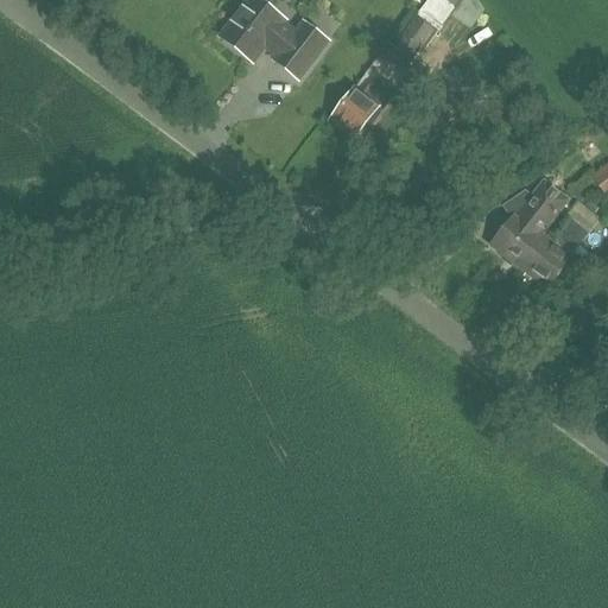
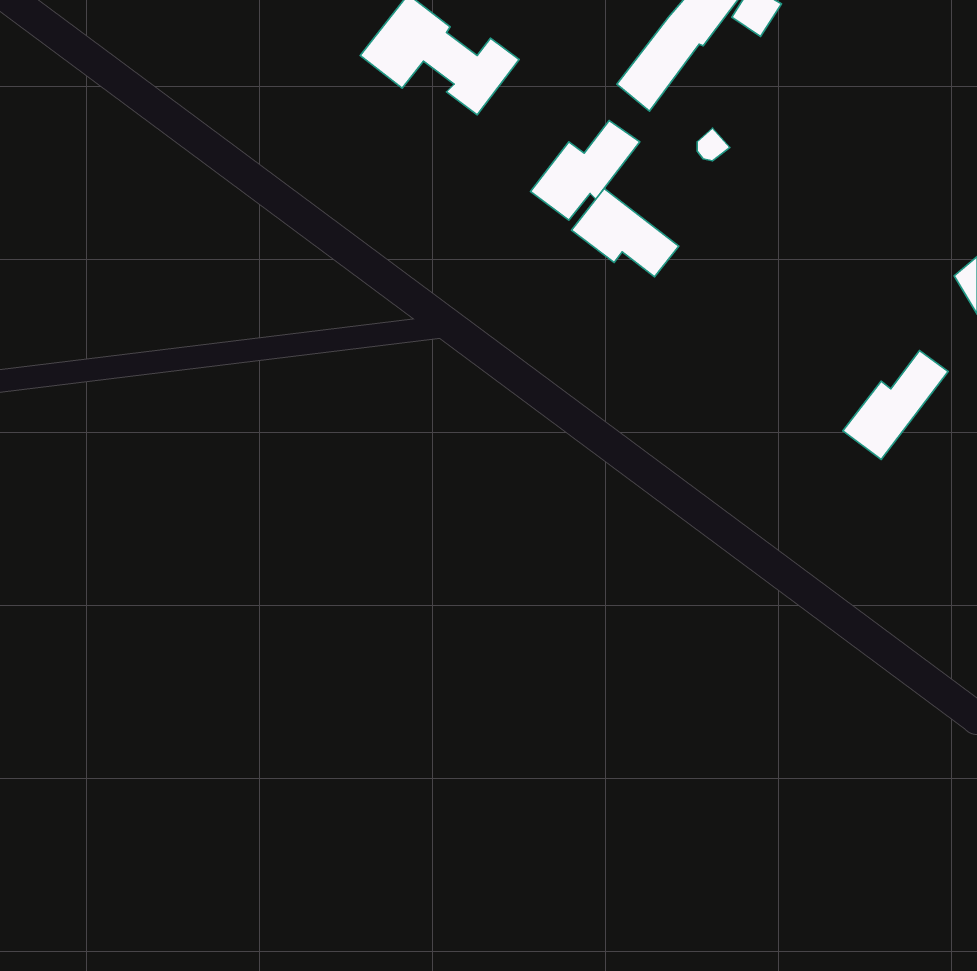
building: none -> [572,189,679,277]
building: [490,178,568,267] -> none

